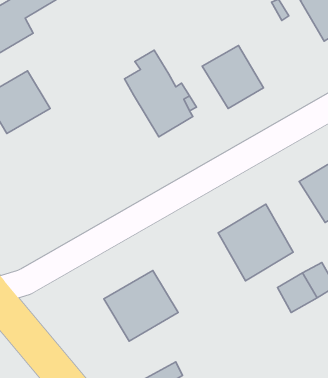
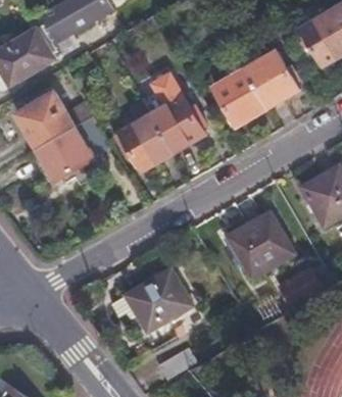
building: none -> [237,48,298,107]
building: none -> [119,113,173,169]
building: none -> [37,126,94,181]

